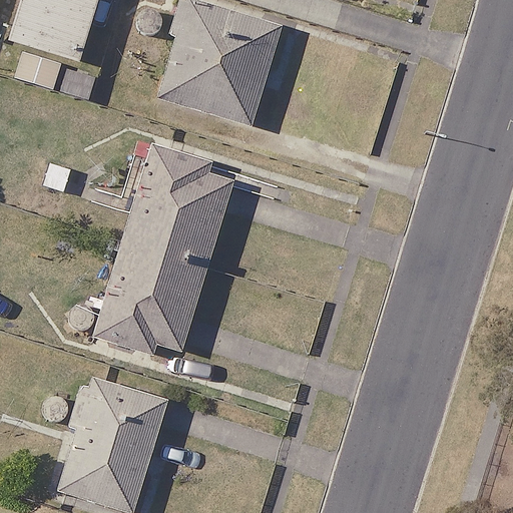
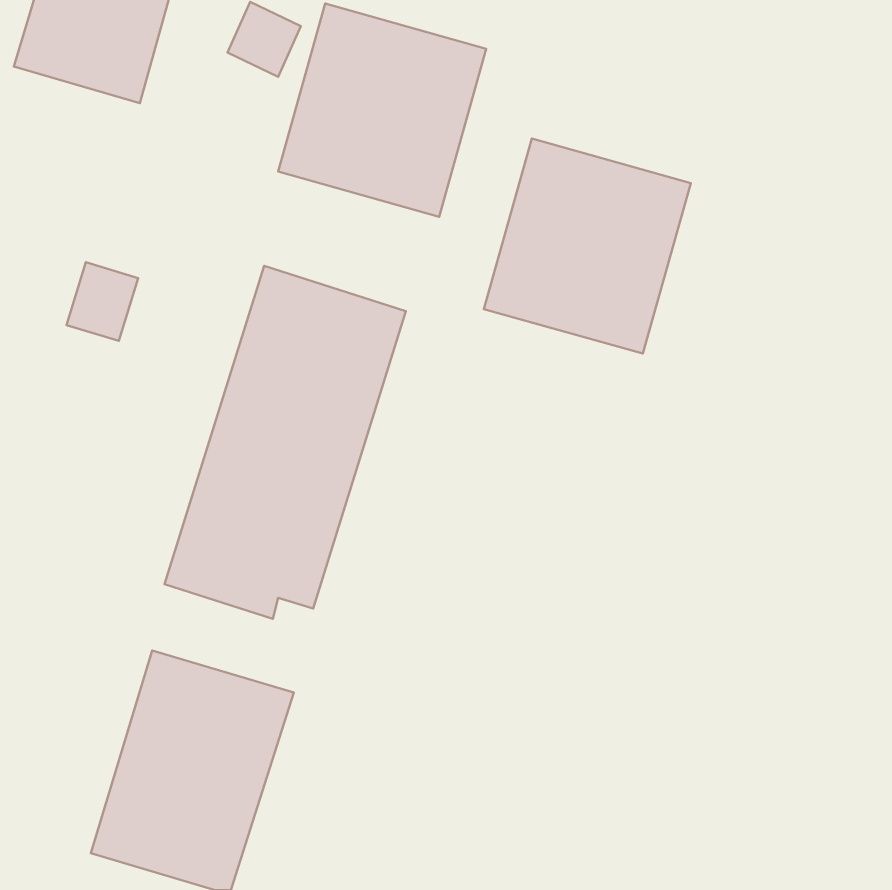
building: none -> [484,139,691,354]

